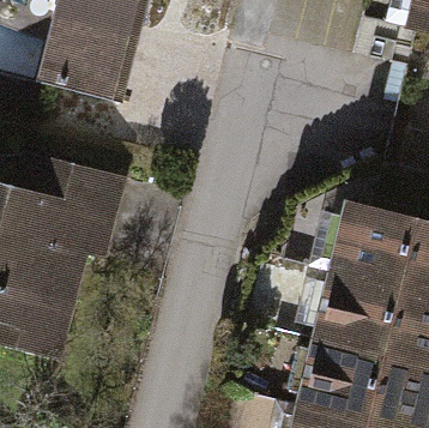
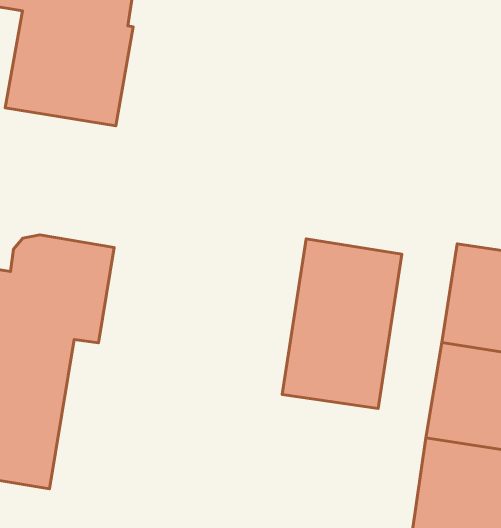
building: none -> [282,239,402,408]

